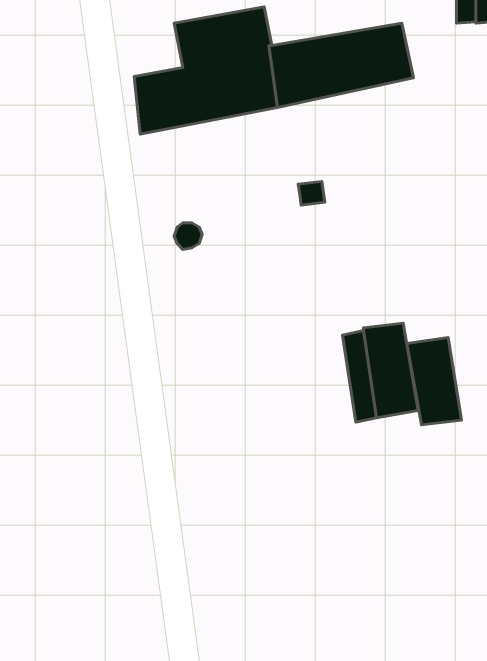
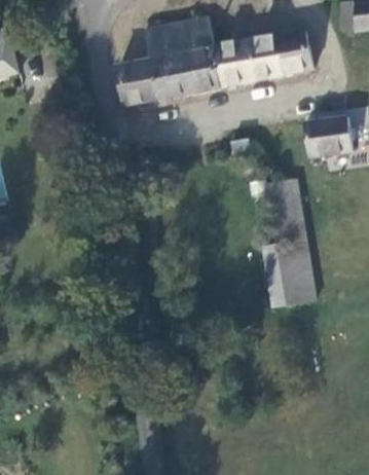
building: none -> [306,116,355,157]
building: [407,338,461,425] -> [268,180,306,241]

